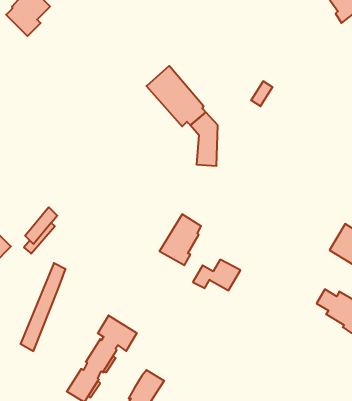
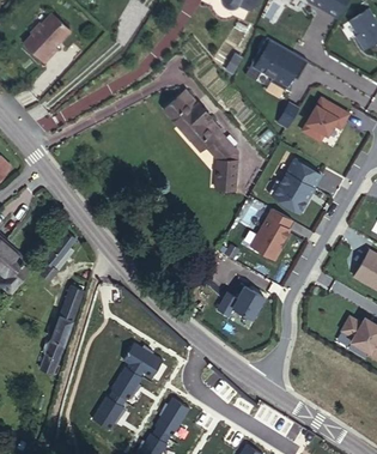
building: none -> [250,35,305,86]
building: none -> [299,96,347,140]
building: none -> [266,158,320,212]
building: [159,214,201,265] -> [248,207,290,259]

